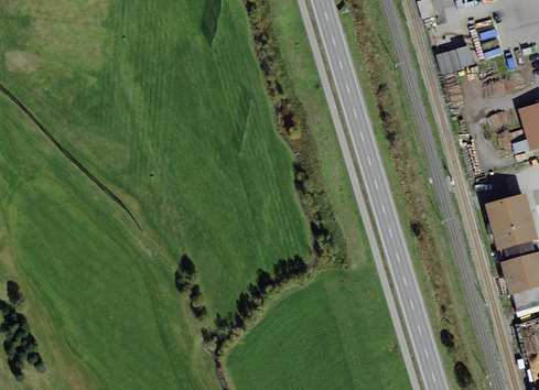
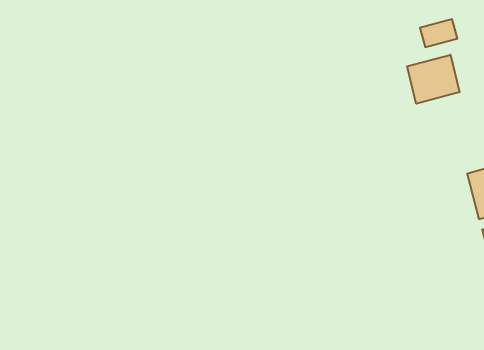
building: none -> [407,55,459,104]

